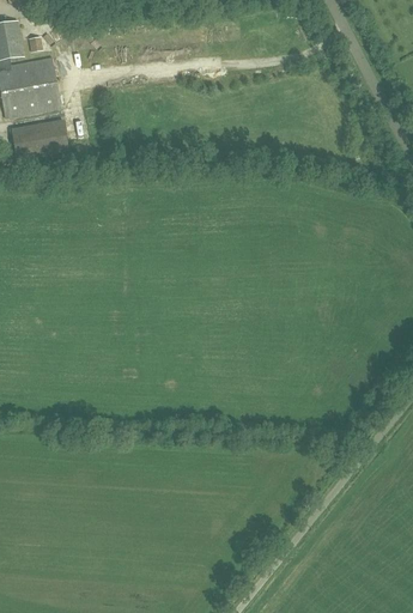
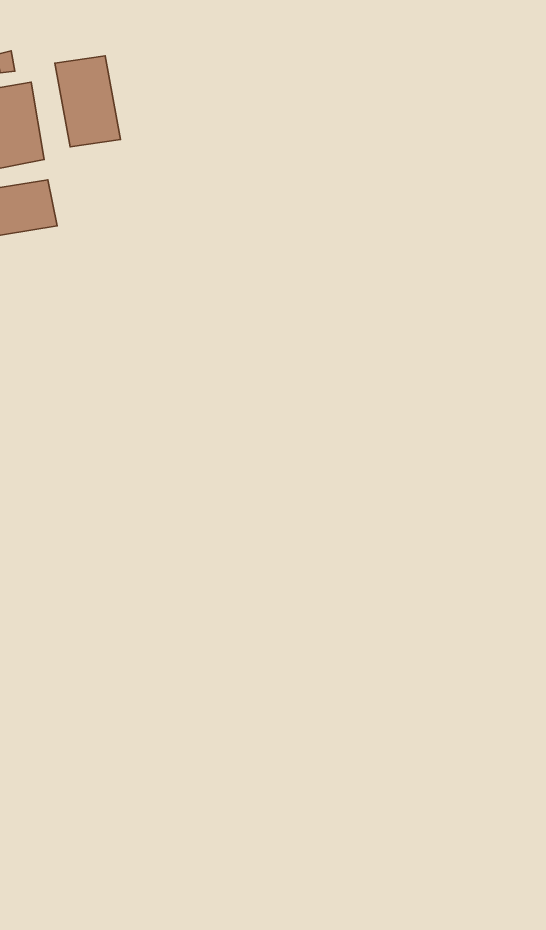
building: none -> [55,56,120,147]

